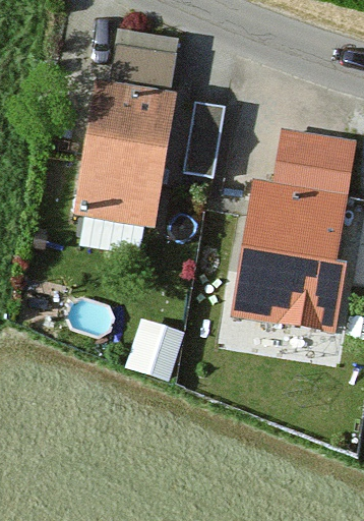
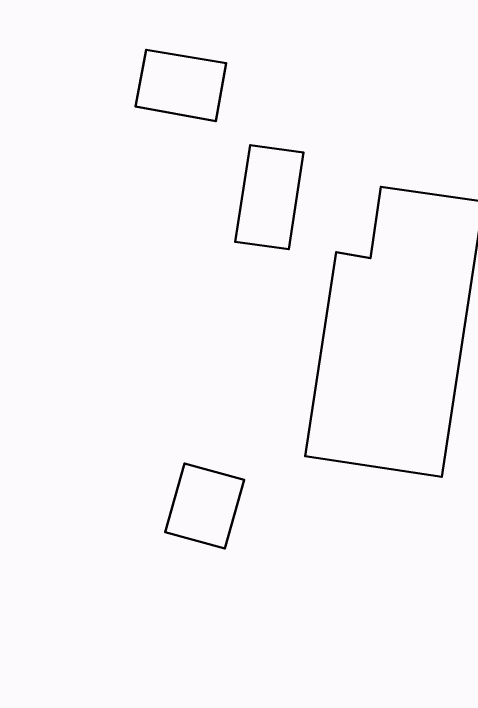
building: [72,85,178,224] -> none

